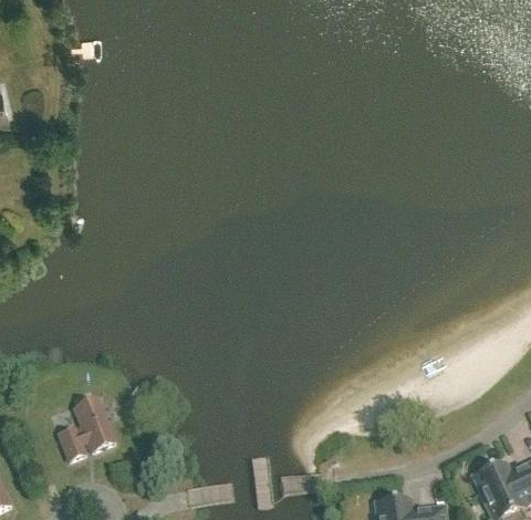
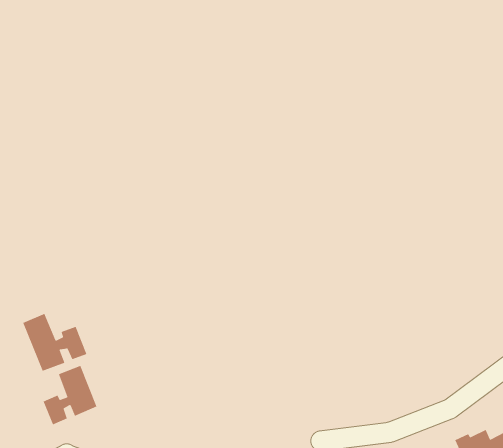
building: none -> [22,313,87,372]

